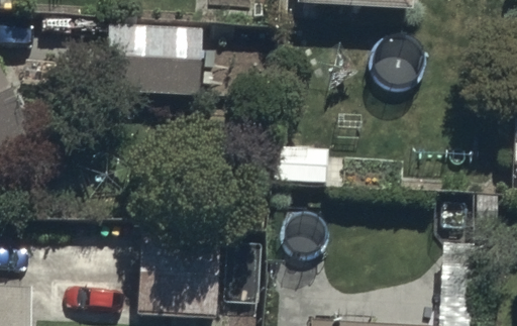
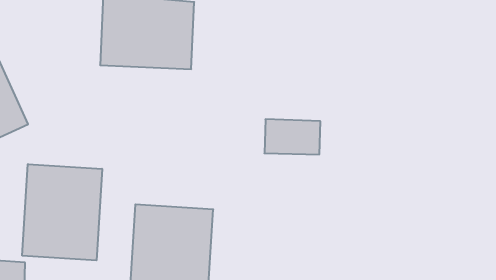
building: none -> [22,164,102,260]

